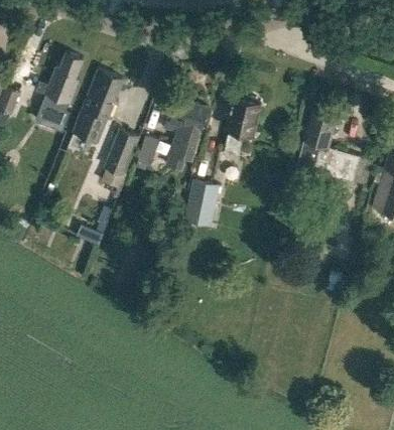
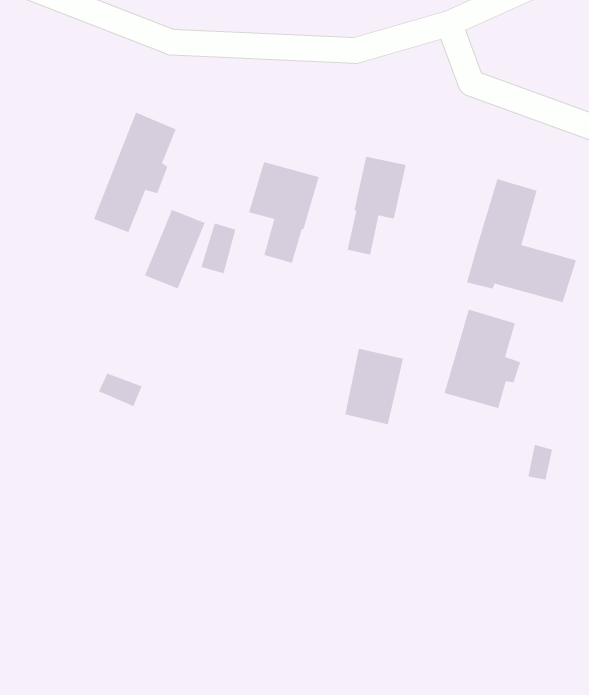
building: [35,54,83,133] -> none
building: [184,181,220,227] -> [344,348,404,425]
building: none -> [444,309,521,409]

